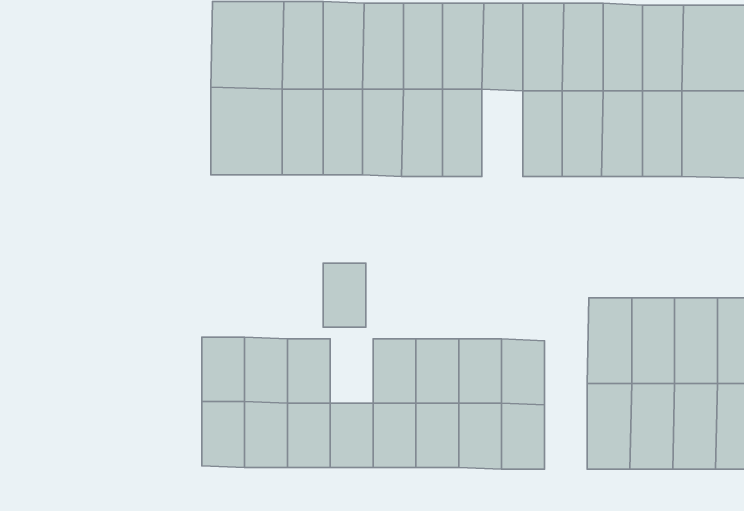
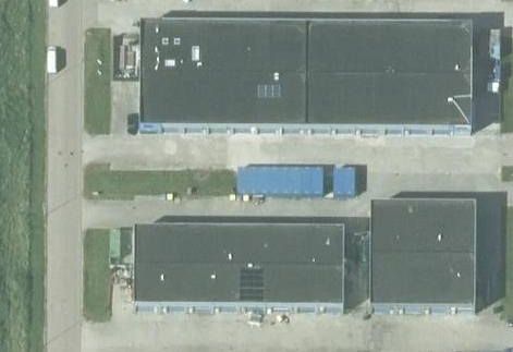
building: none -> [306,72,331,125]
building: [323,263,366,327] -> [213,224,240,264]

